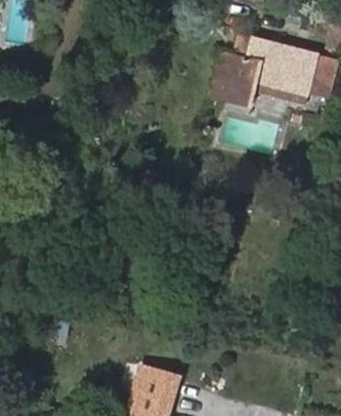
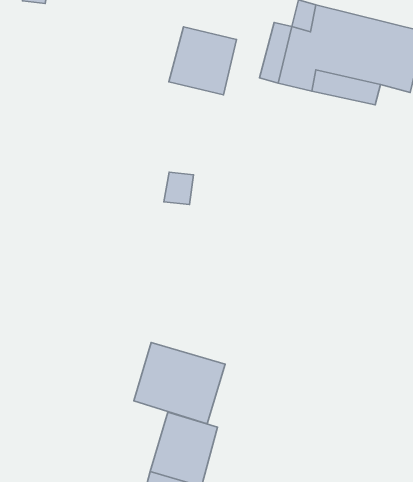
building: none -> [169,27,237,95]
building: none -> [134,342,225,424]

